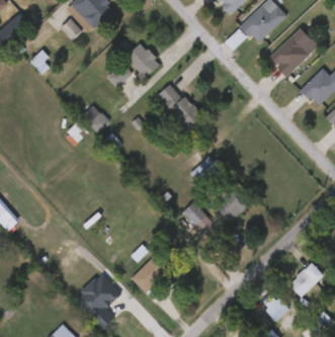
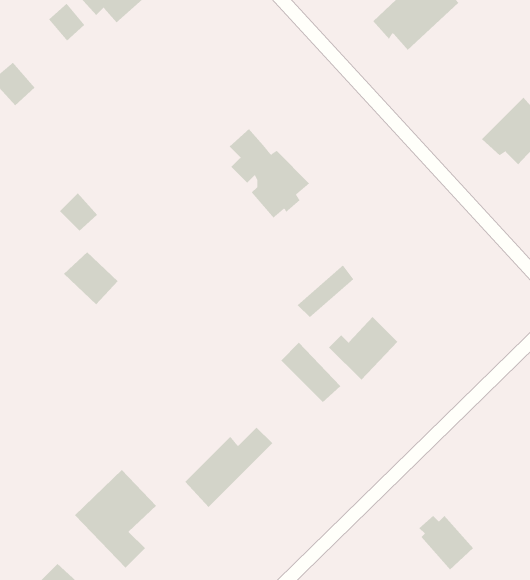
building: [269,34,310,78] -> none
building: [121,39,164,77] -> none
building: [80,104,110,134] -> [63,252,118,305]
building: [288,264,321,298] -> none

